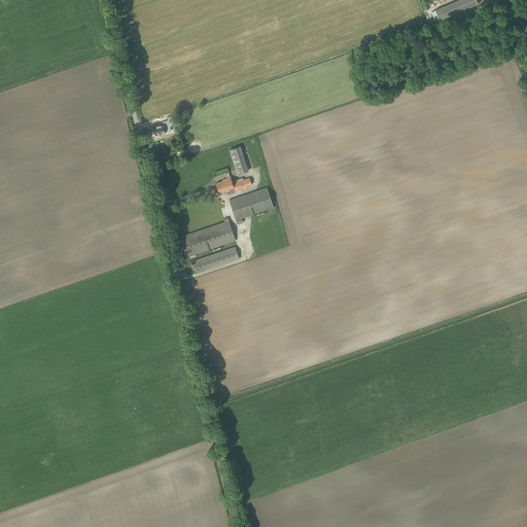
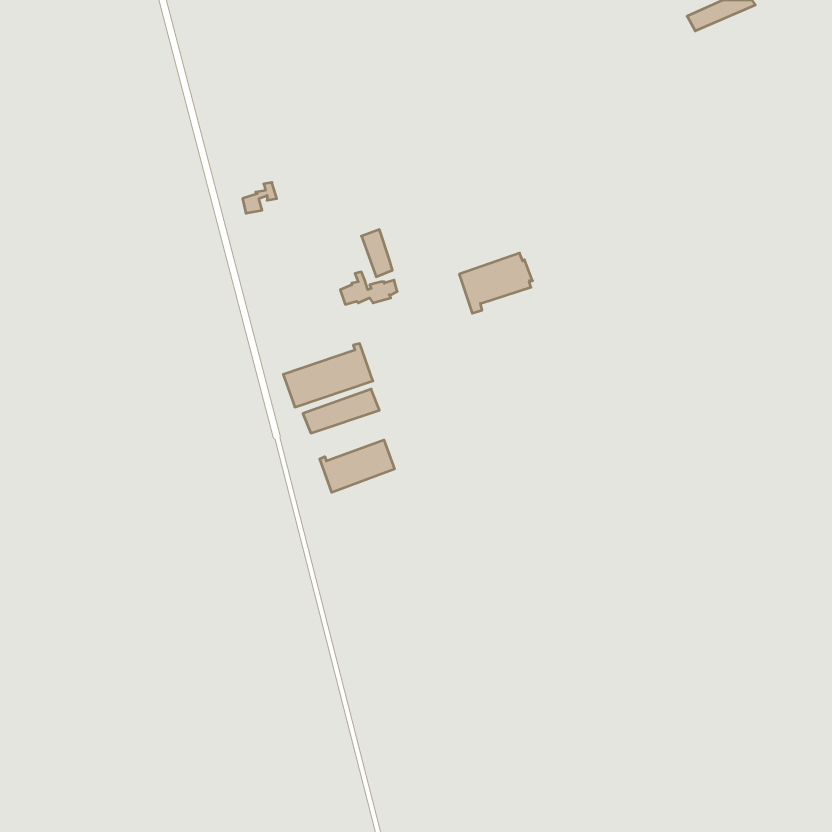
building: [229,186,275,224] -> [459,253,533,313]
building: none -> [320,440,394,492]

